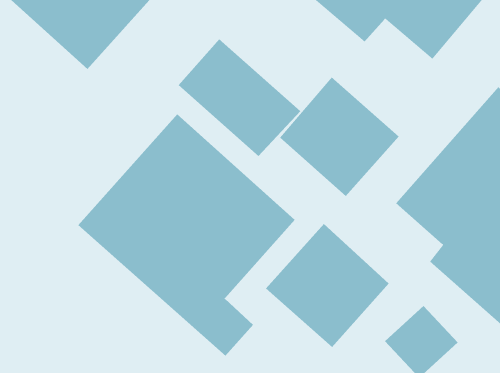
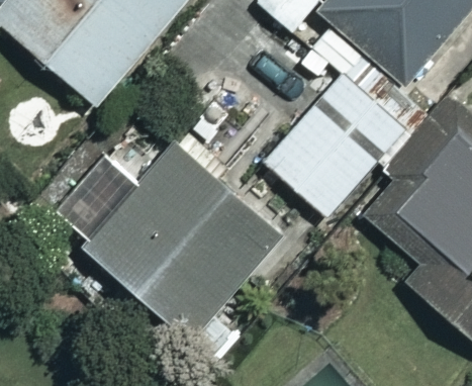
building: [178,38,301,157] -> none
building: [265,223,390,348] -> none

